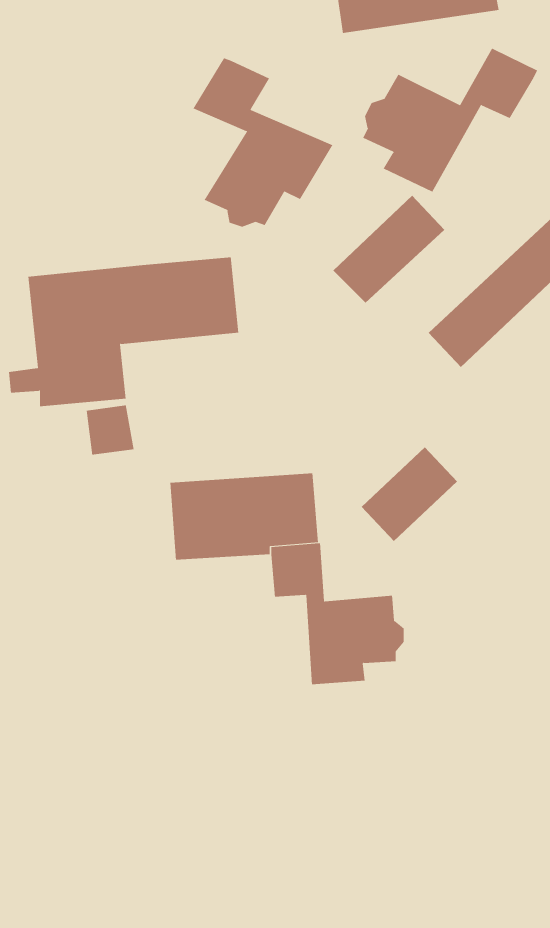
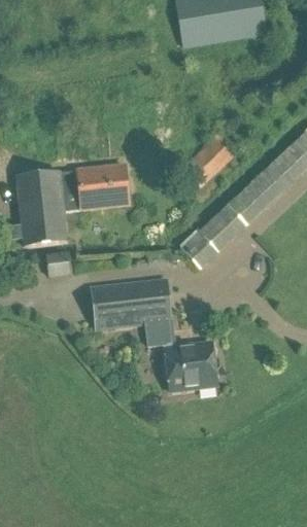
building: [363,48,538,193] -> none
building: [193,58,333,228] -> none
building: [361,447,458,542] -> [182,216,234,267]

